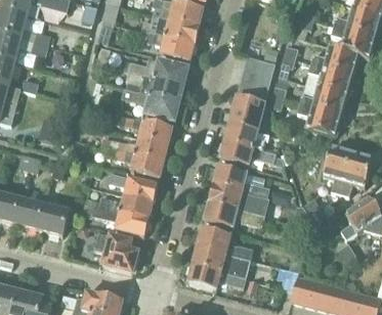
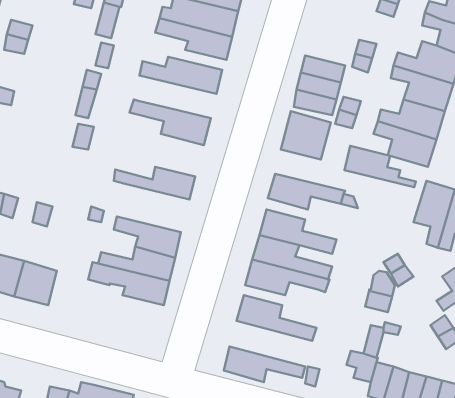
building: [125,71,182,101] -> none
building: [115,112,172,143] -> none
building: [224,124,275,153] -> [344,146,416,187]
building: [105,146,163,177] -> none
building: [93,231,137,271] -> none
building: [192,246,251,279] -> none

